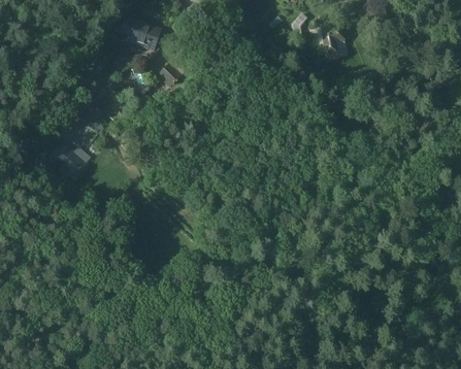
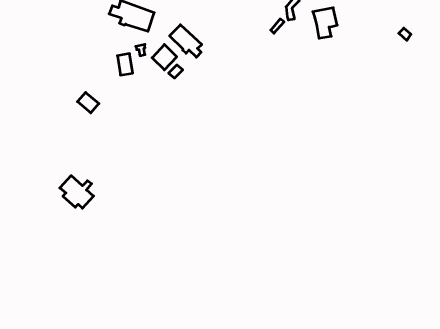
building: none -> [170,25,202,57]
building: [52,143,86,176] -> [60,176,94,208]

